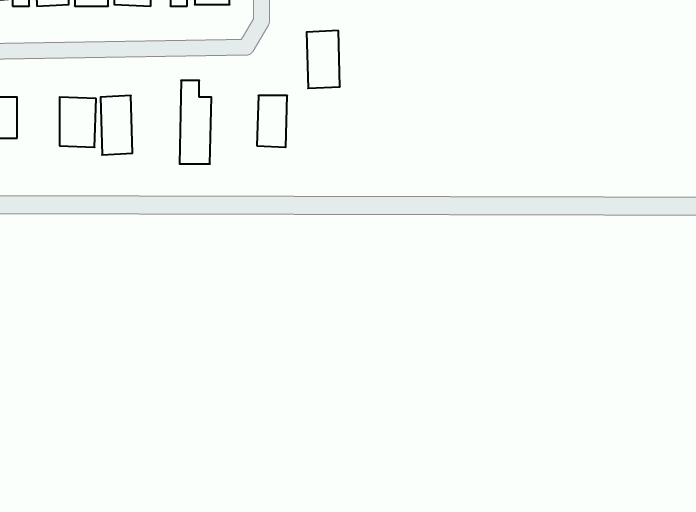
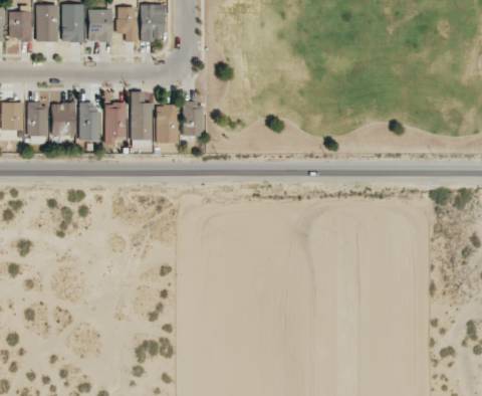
building: [307,31,340,88] -> [156,105,178,143]
building: none -> [104,103,127,144]
building: none -> [27,104,47,136]

